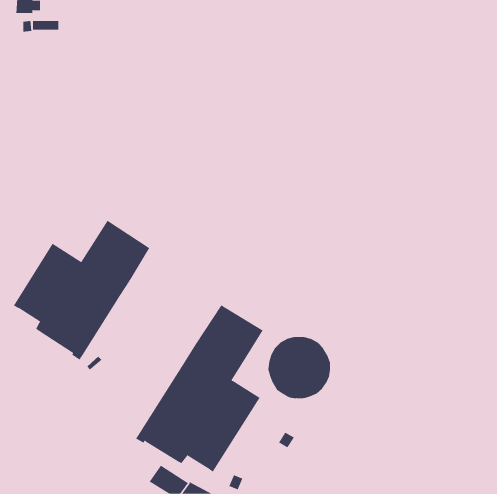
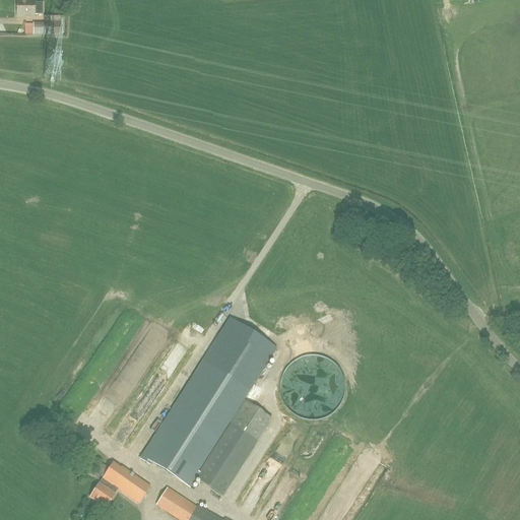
building: [13,220,150,361] -> none
building: none -> [89,460,151,507]

